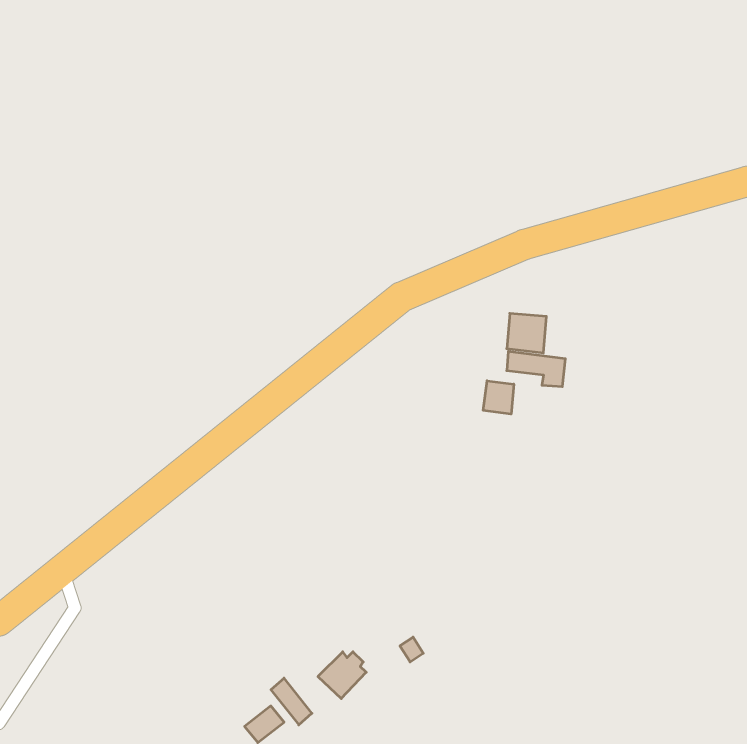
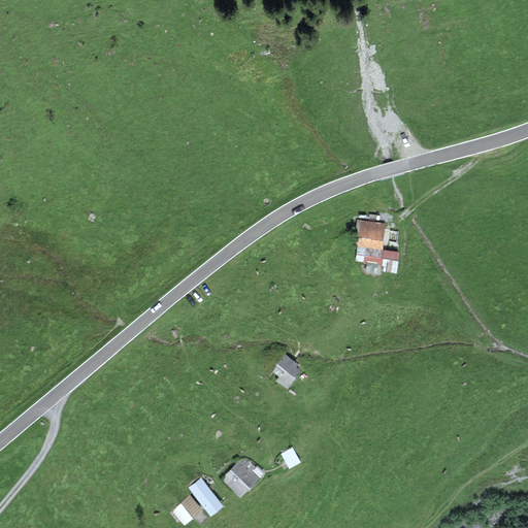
building: [483,381,514,414] -> none
building: none -> [272,356,298,388]

